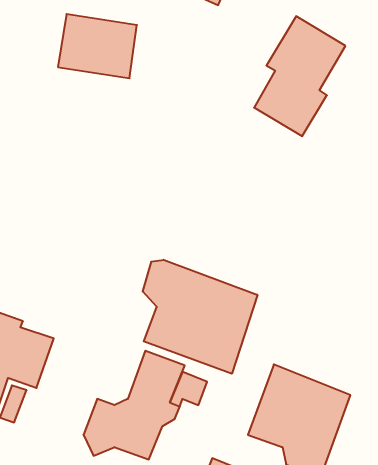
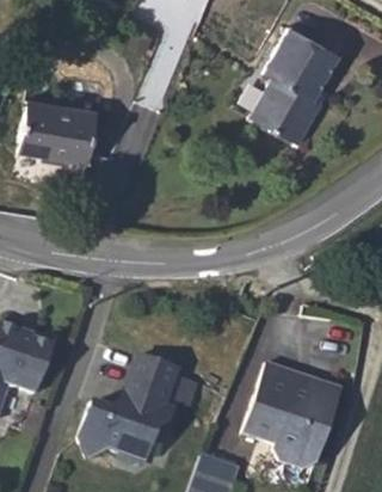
building: [58,14,137,78] -> [17,99,93,161]
building: [143,260,257,374] -> none

